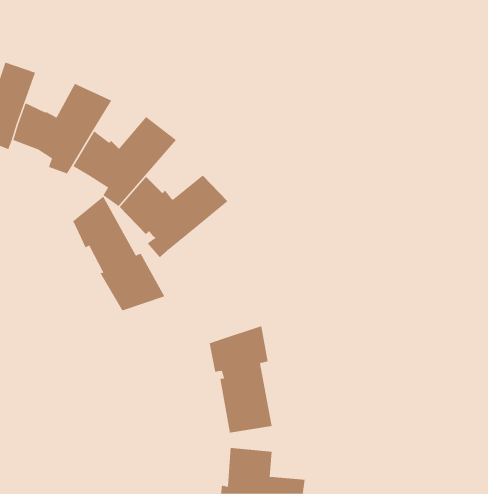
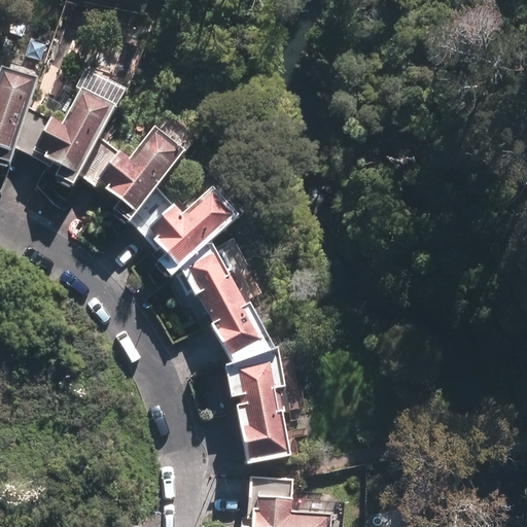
building: [73,196,165,311] -> [179,240,278,362]

